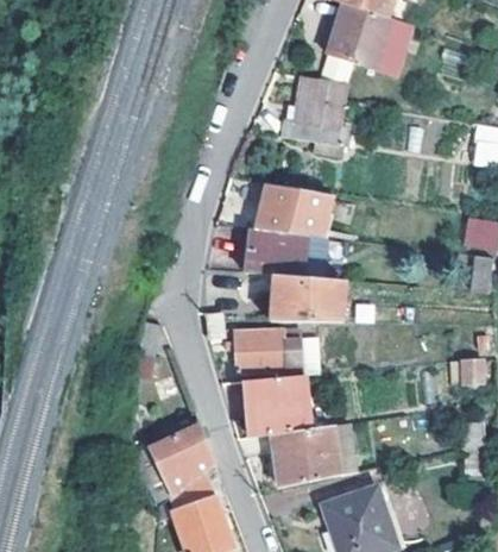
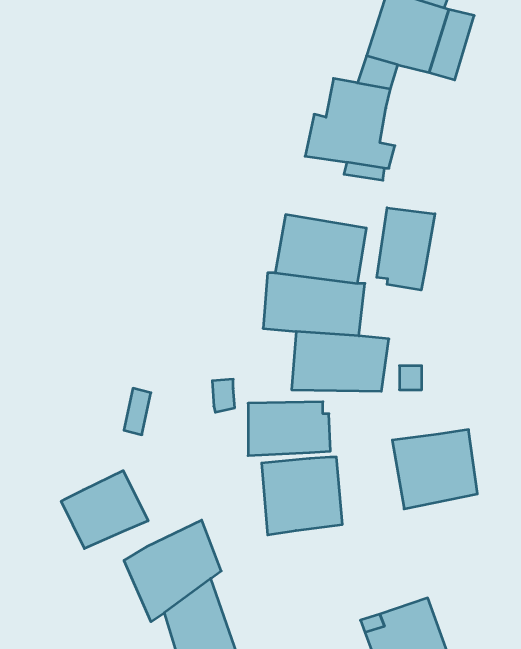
building: none -> [377,208,435,290]
building: none -> [61,471,148,549]
building: [272,424,340,487] -> [392,430,477,509]

